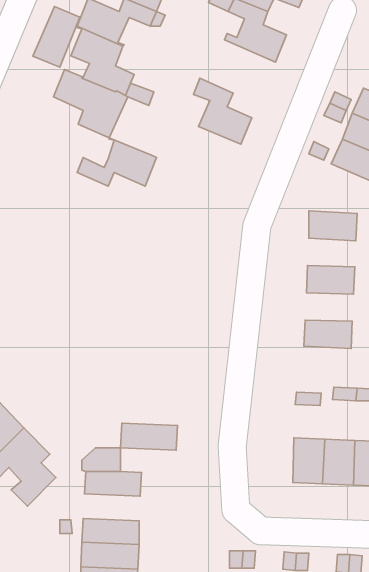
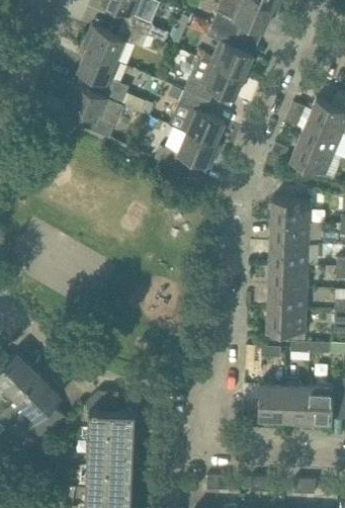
building: [33,7,80,67] -> none
building: none -> [182,60,244,103]
building: [77,138,156,186] -> [155,131,220,170]
building: none -> [270,222,310,245]
building: none -> [268,266,308,289]
building: none -> [266,310,306,334]
building: [120,423,177,450] -> [87,430,134,452]

